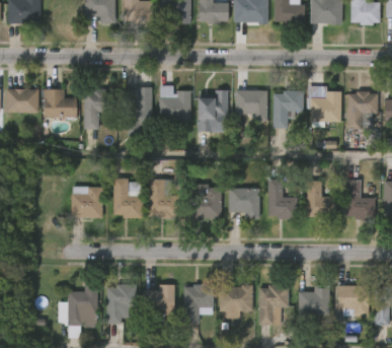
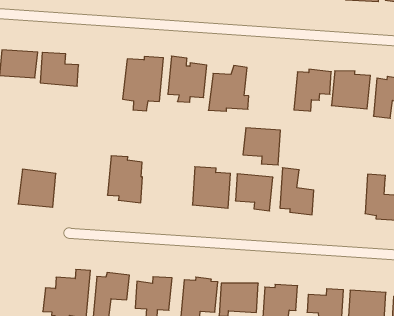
building: [84,89,115,130] -> none
building: [236,90,268,122] -> [243,128,280,165]
building: [149,180,177,219] -> none
building: [304,181,336,217] -> none
building: [70,186,102,218] -> [18,169,56,207]

